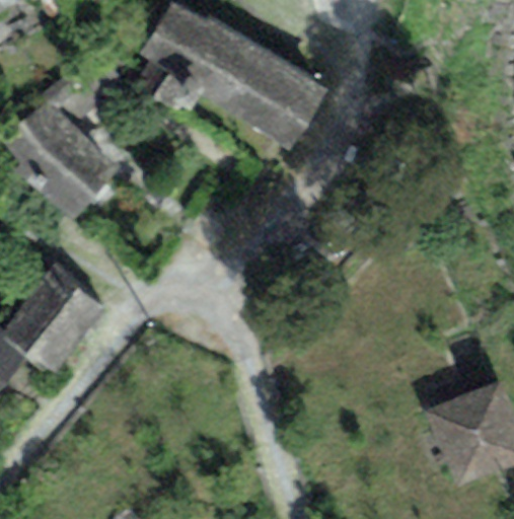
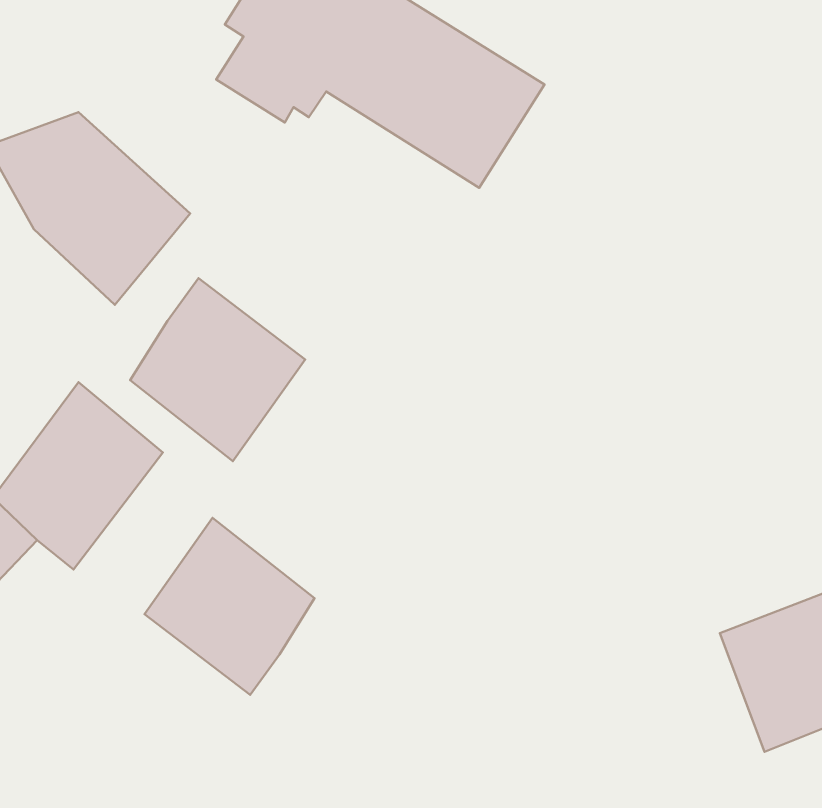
building: none -> [130,278,305,461]
building: none -> [145,518,315,695]

